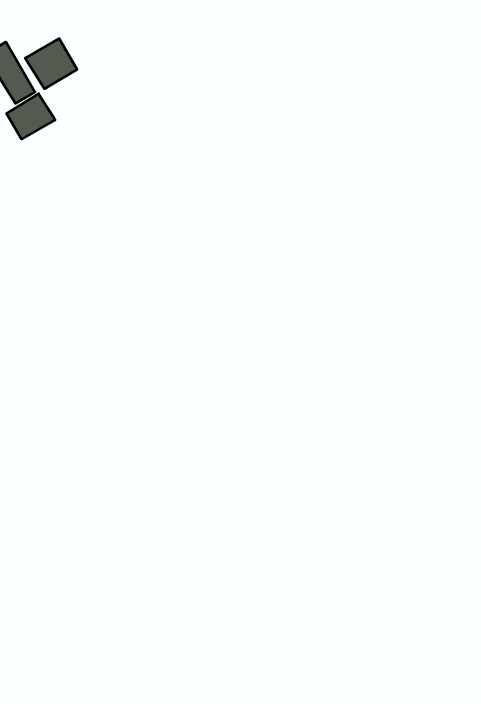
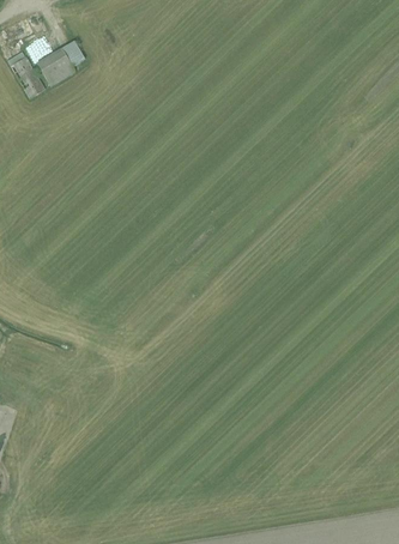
building: [7,94,55,139] -> none

